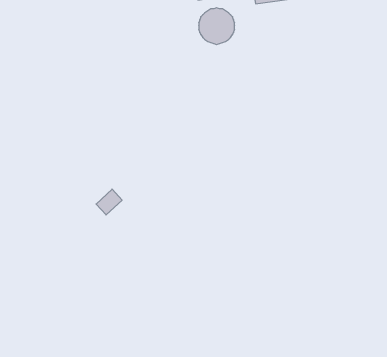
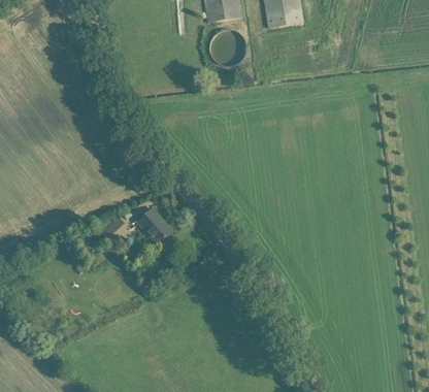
building: none -> [137,209,172,241]

